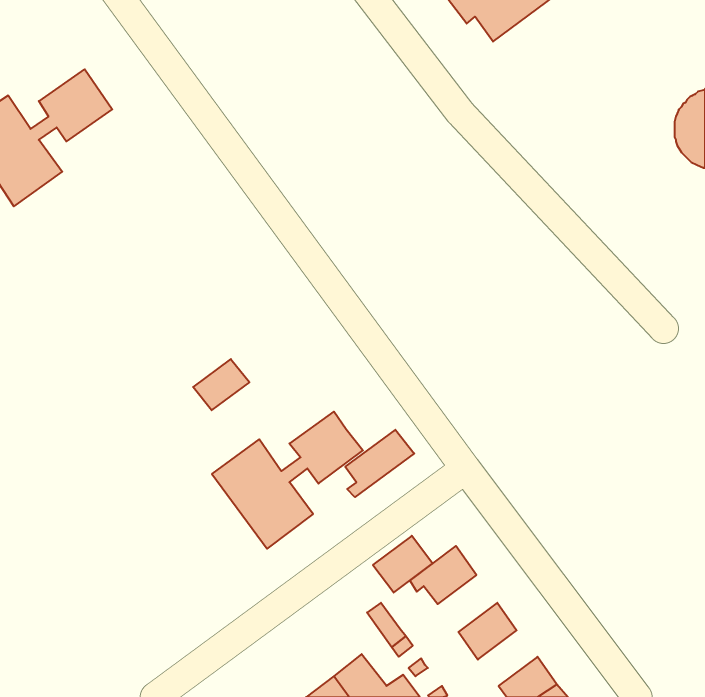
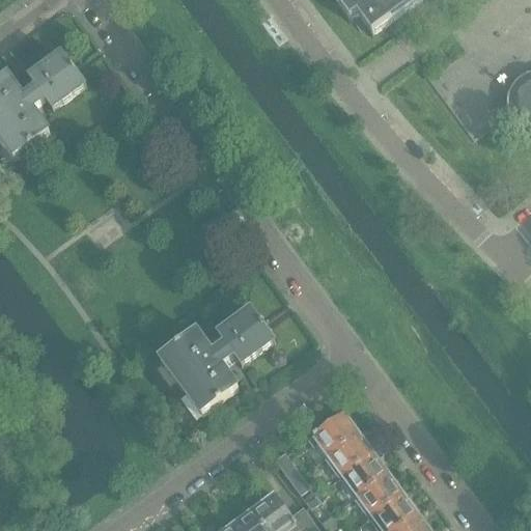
building: [193,359,249,410] -> none
building: [345,430,414,497] -> none
building: [373,536,433,593] -> [328,430,372,473]
building: none -> [358,472,402,513]

